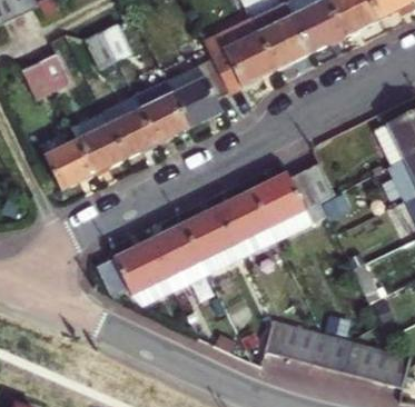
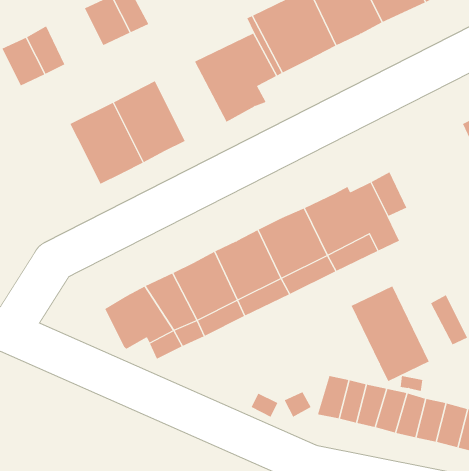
building: [137,79,191,140] -> none
building: [46,138,95,189] -> none
building: none -> [351,285,429,382]

